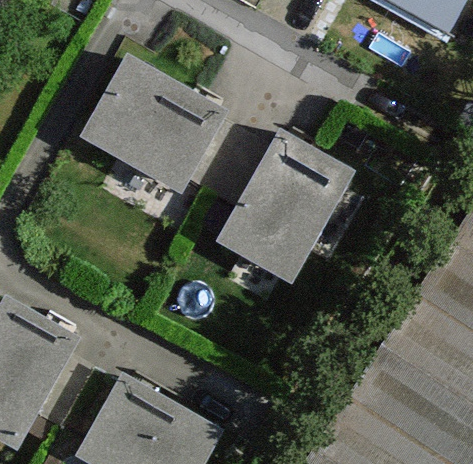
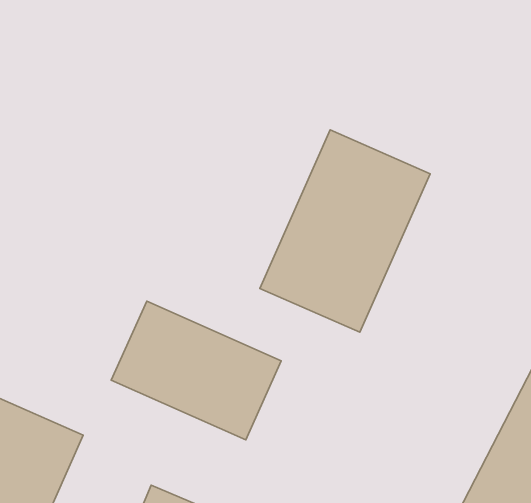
building: [84,58,225,192] -> none
building: none -> [111,301,281,440]

